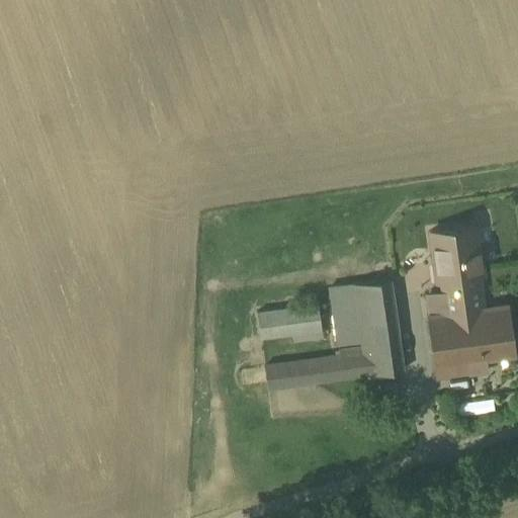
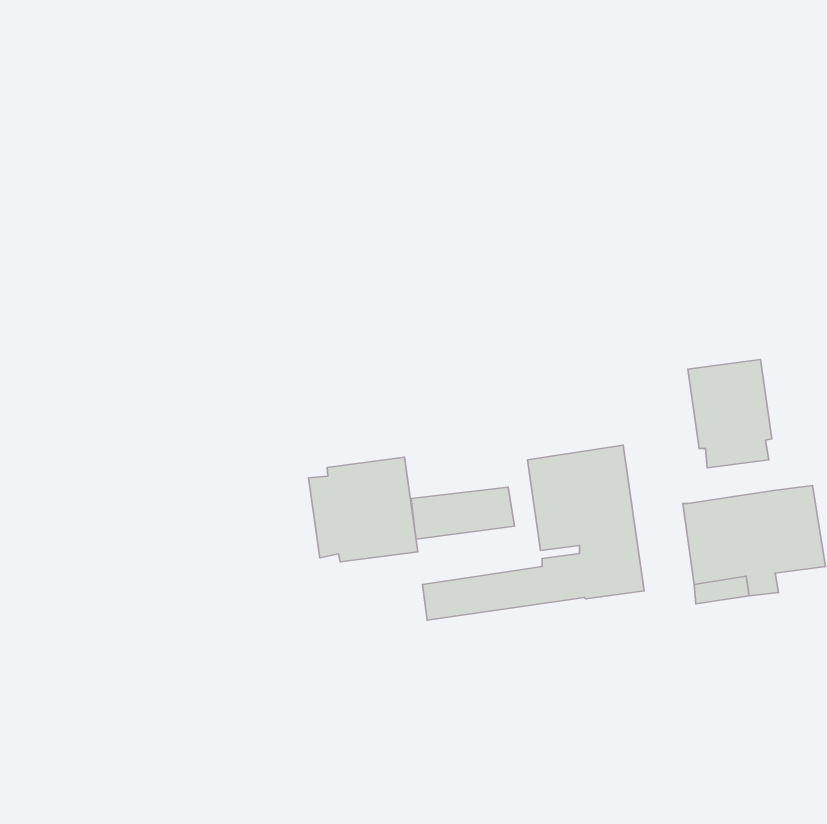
building: none -> [309,457,418,562]
building: [428,289,484,317] -> none

